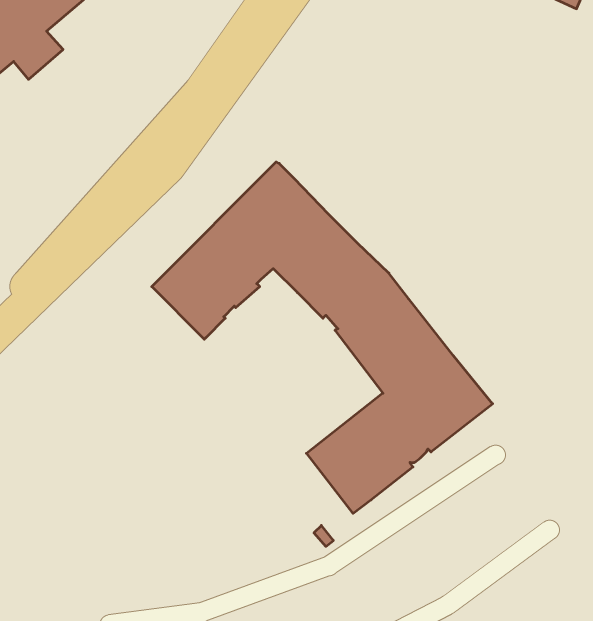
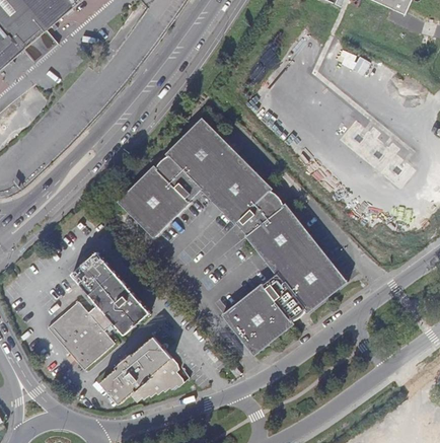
building: none -> [48,251,150,369]
building: none -> [100,337,185,403]

